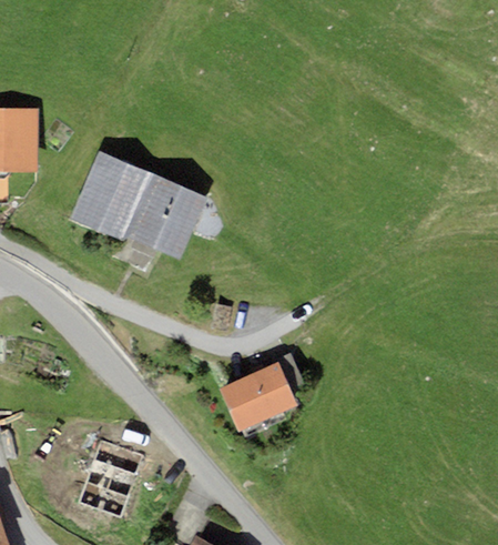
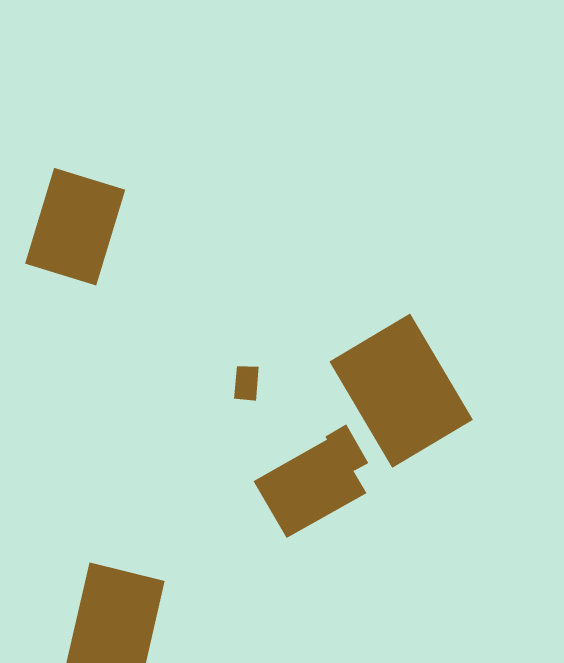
building: [128,174,207,260] -> none
building: none -> [329,313,474,469]

